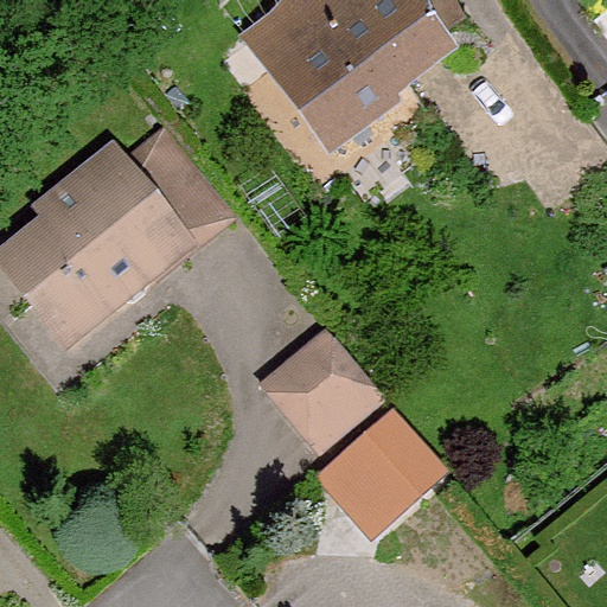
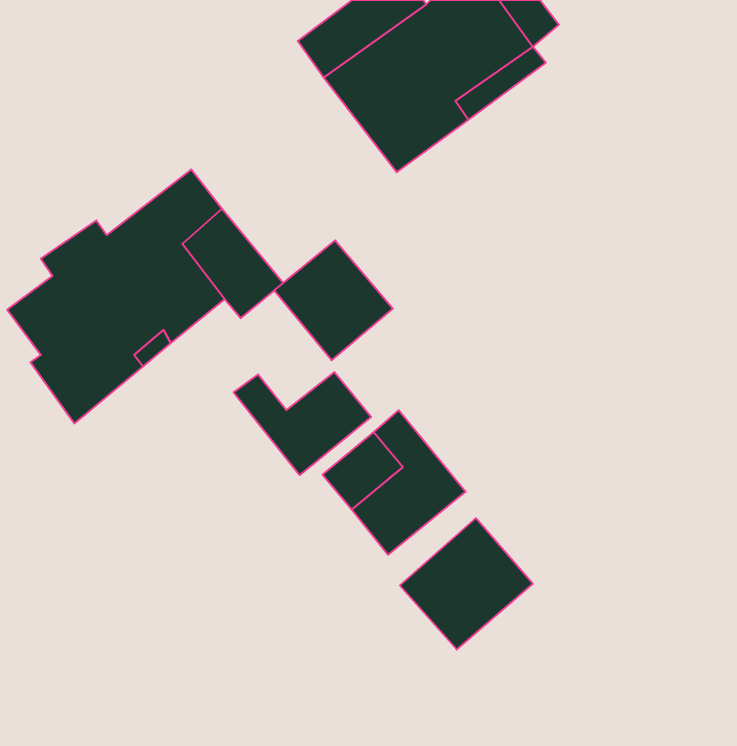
building: none -> [274,240,393,360]
building: none -> [234,372,371,475]

